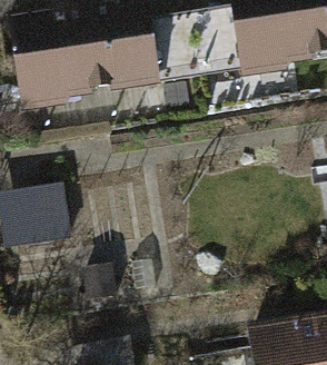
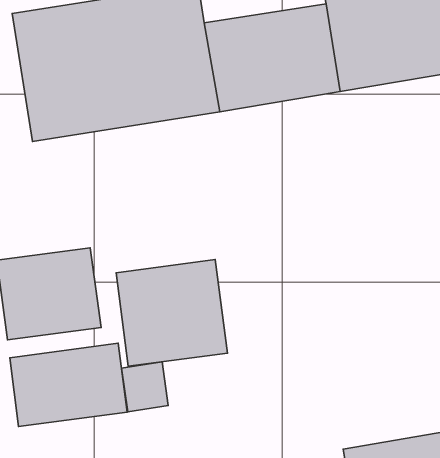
building: none -> [116,259,227,366]
building: none -> [10,343,127,427]

